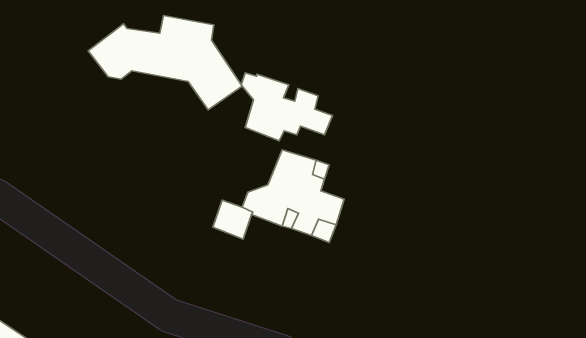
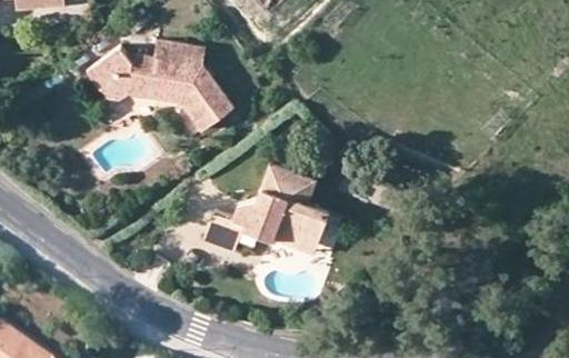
building: [241,73,333,141] -> none

